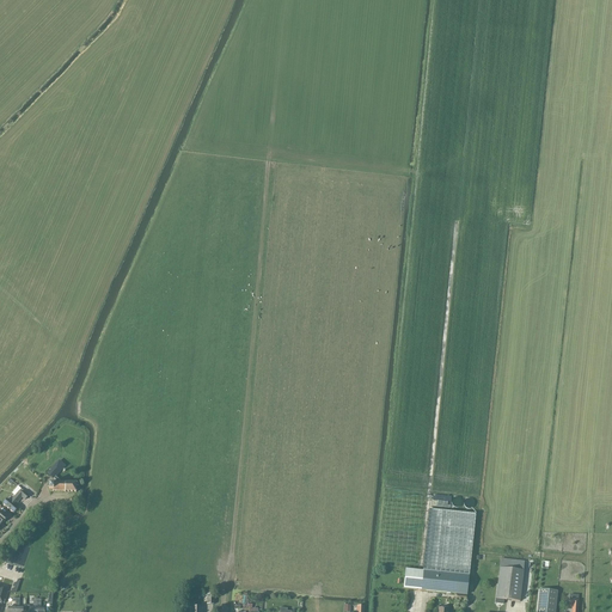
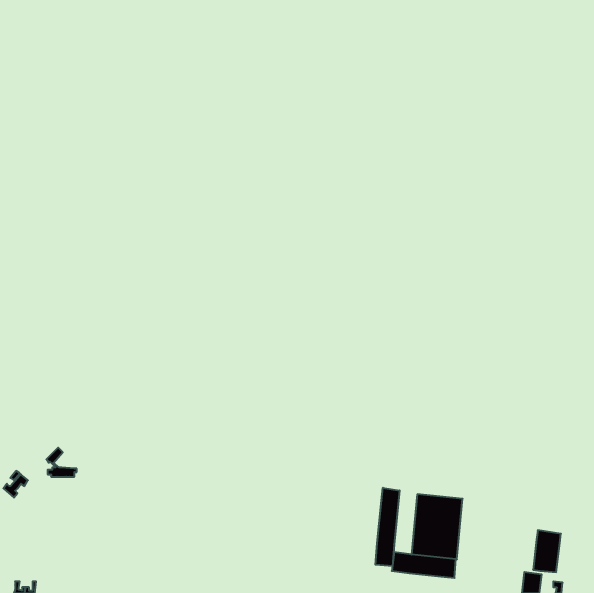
building: none -> [375,488,400,566]
building: [496,557,525,600] -> [533,530,561,572]

